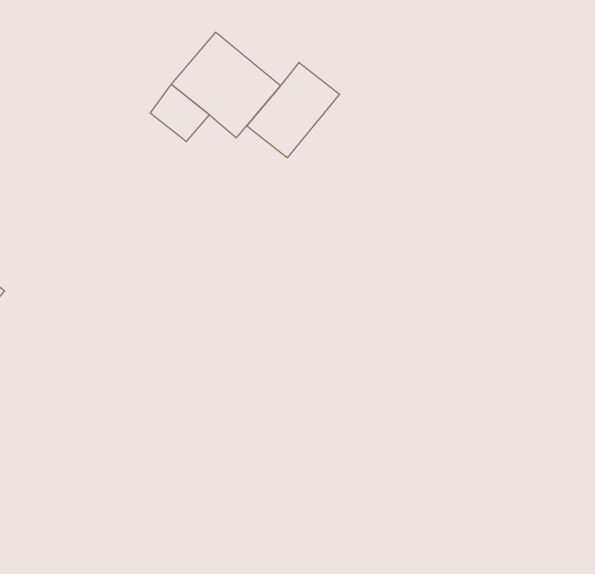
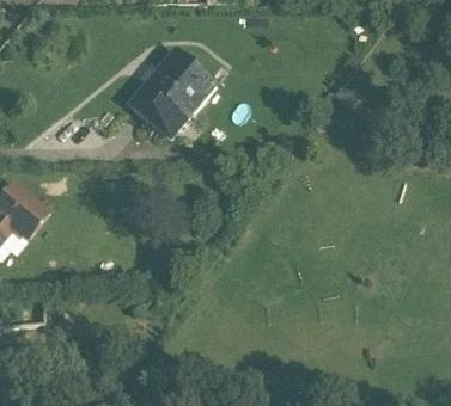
building: [247,62,340,158] -> none

